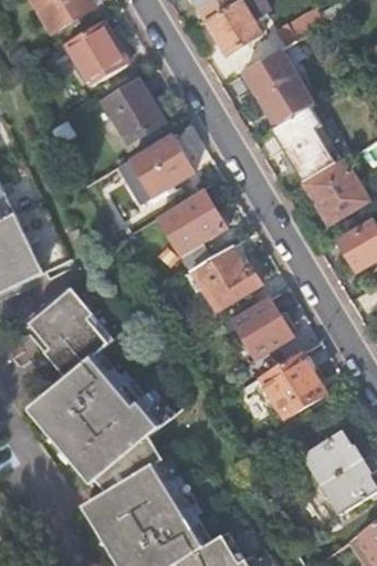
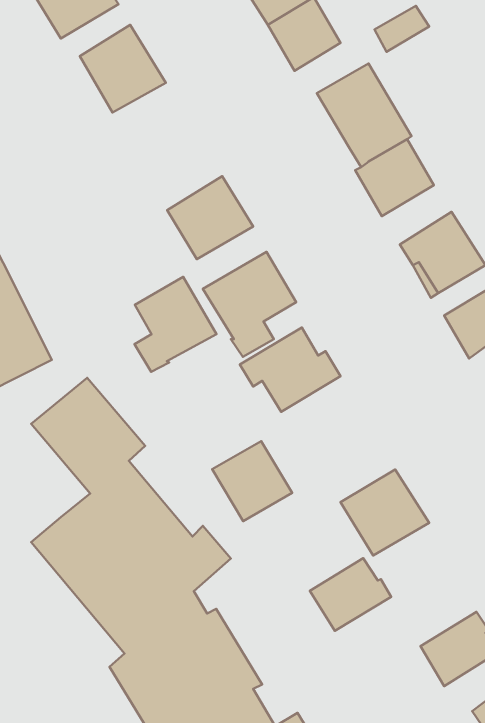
building: [101,77,164,143] -> none
building: none -> [135,277,216,372]
building: [231,298,291,358] -> [212,441,292,521]
building: [300,430,360,484] -> [310,558,391,631]

